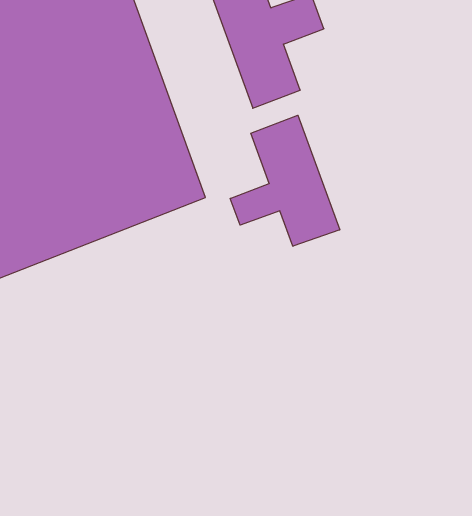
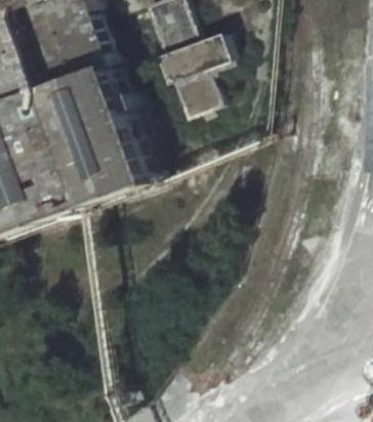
building: [230,115,340,246] -> none

